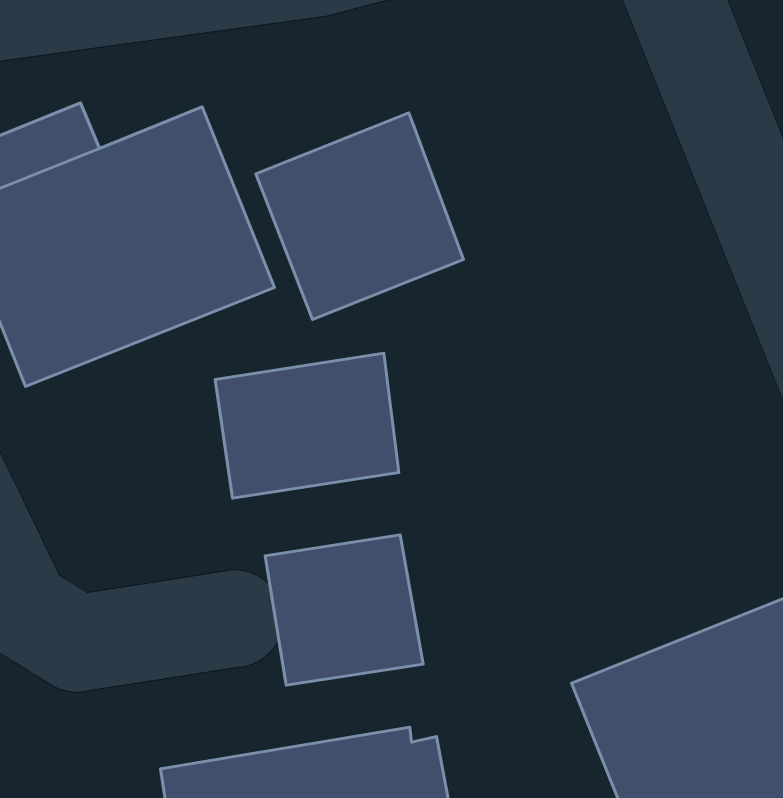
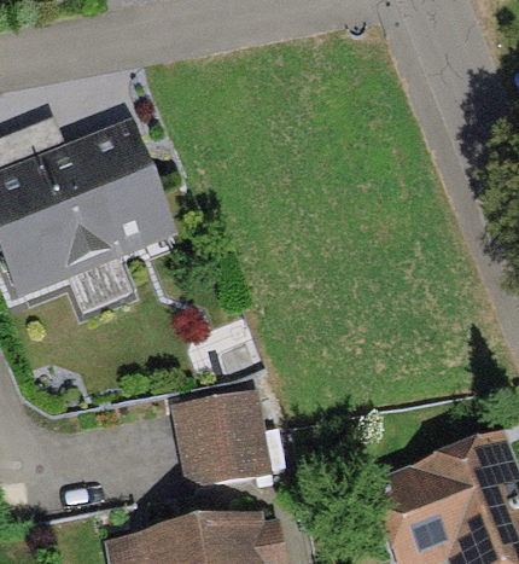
building: [256,113,463,319] -> none
building: [215,353,399,498] -> none

